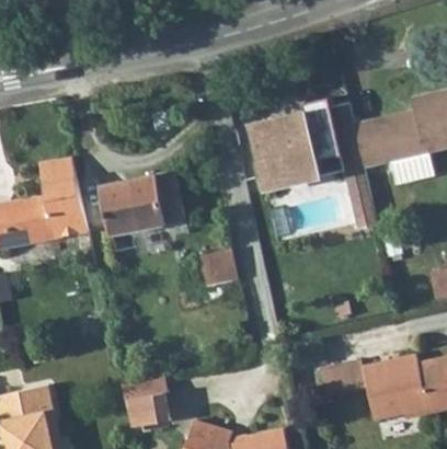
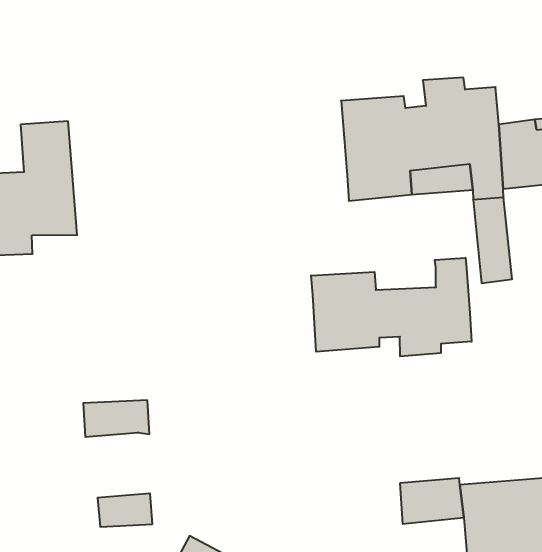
building: [107,173,191,235] -> none
building: none -> [311,258,472,356]
building: [202,251,238,286] -> none
building: [123,375,169,404] -> [83,400,149,437]

